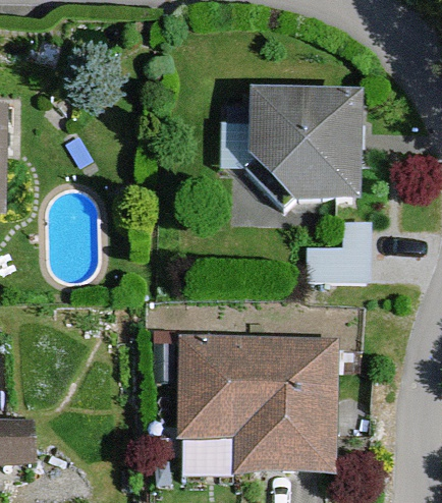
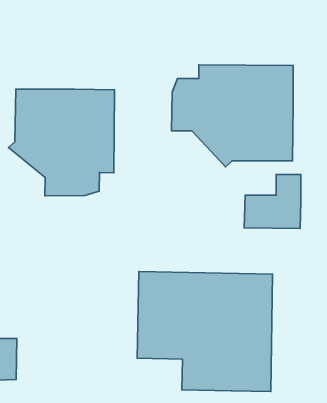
building: none -> [8,89,115,196]

